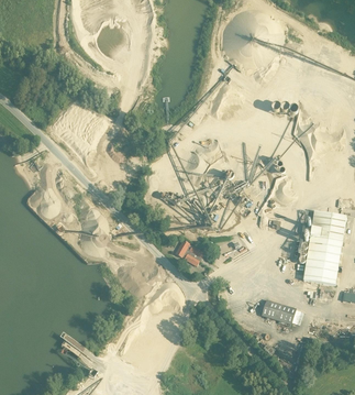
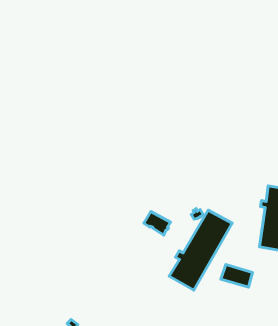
building: none -> [169,210,232,290]

